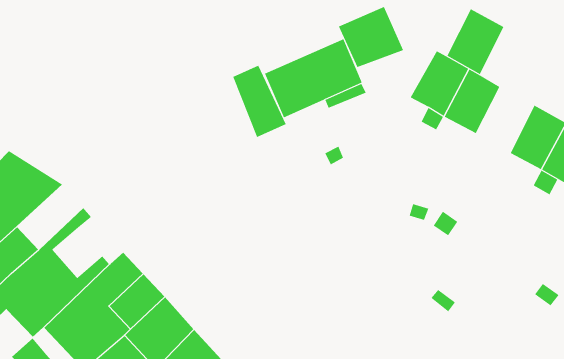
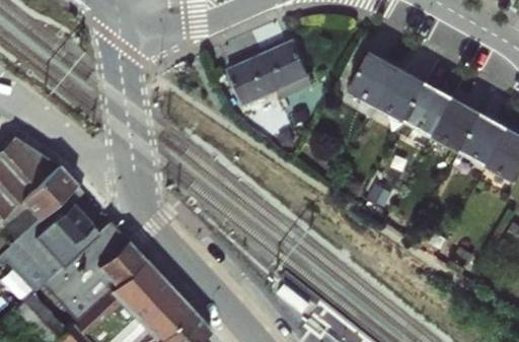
building: [338,6,404,68] -> none
building: [446,9,504,75] -> [405,81,454,137]
building: [233,65,287,138] -> none
building: none -> [19,163,75,218]
building: none -> [50,200,91,242]

